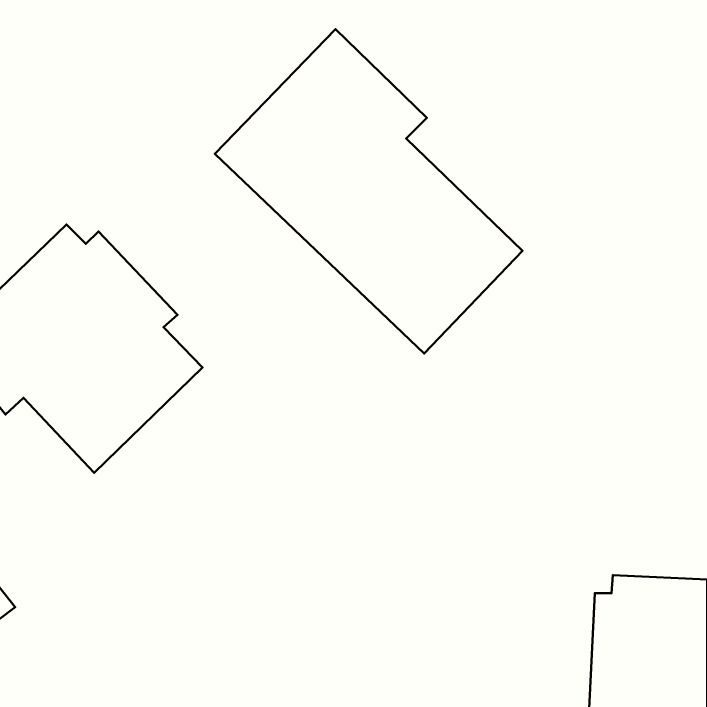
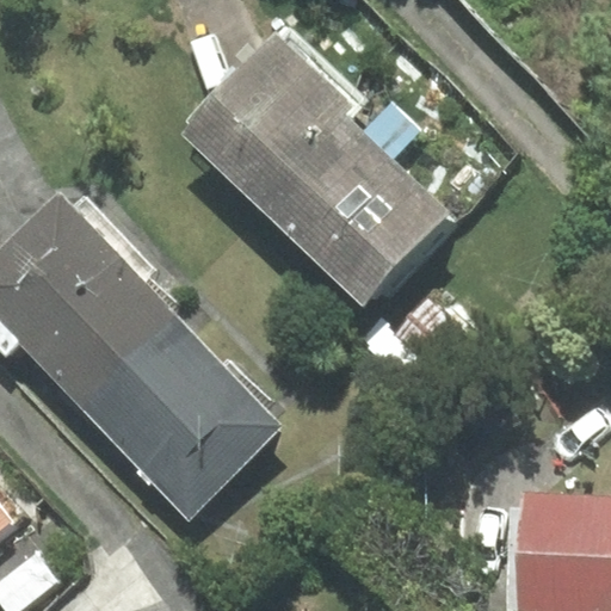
building: none -> [81,317,282,518]

